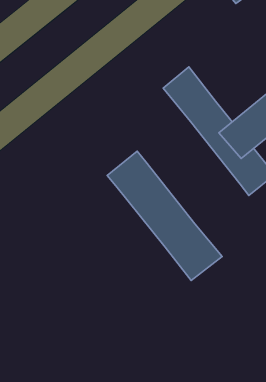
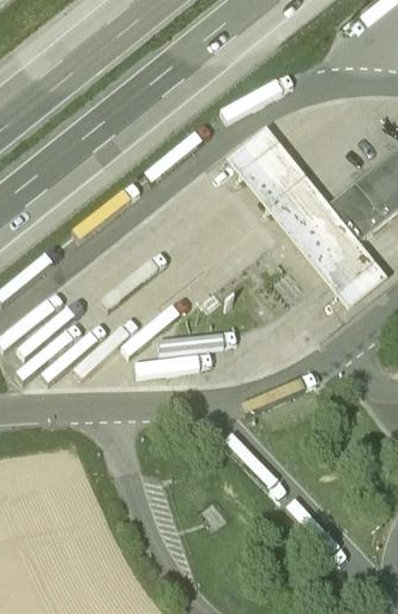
building: [107,151,222,281] -> none

